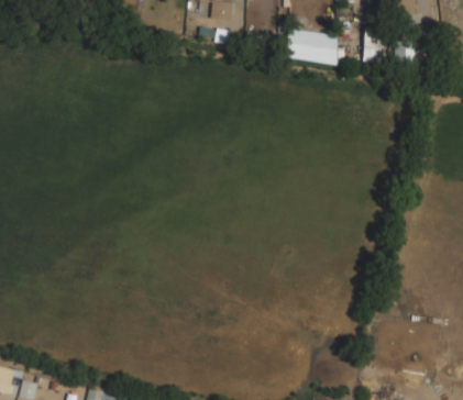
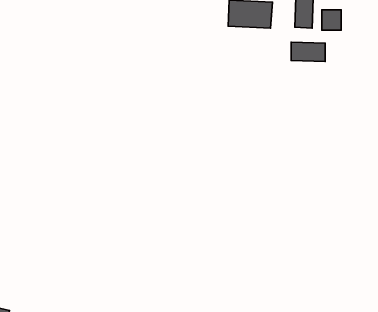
building: none -> [291,42,325,62]

